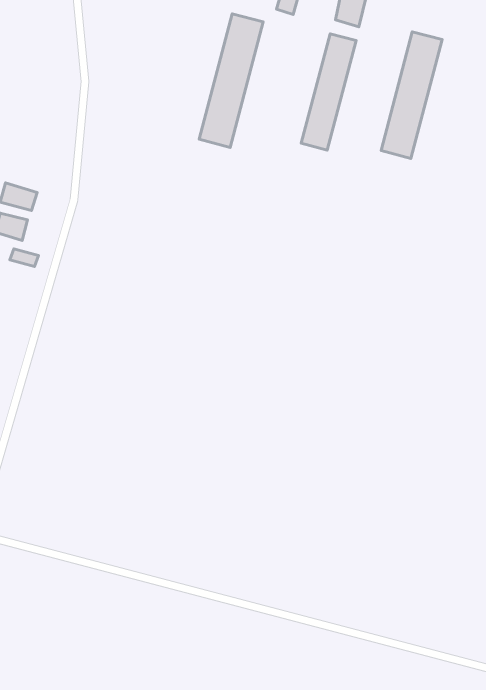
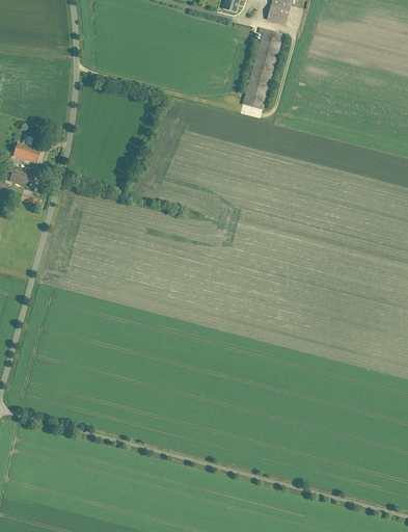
building: [199,14,263,147] -> none
building: [381,32,442,158] -> none

